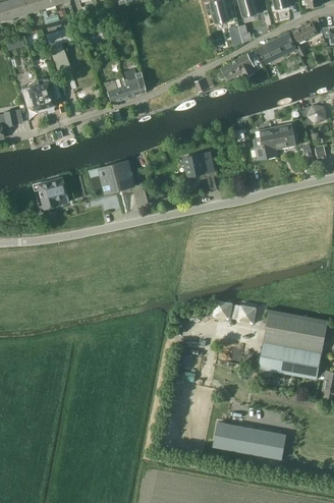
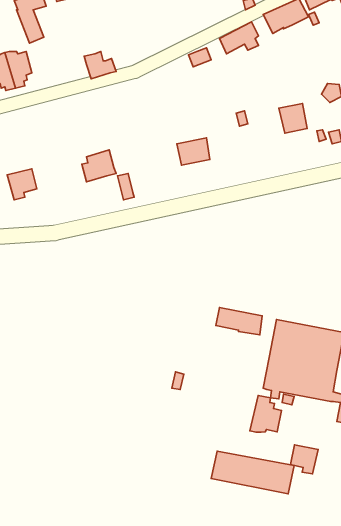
building: [120,69,145,96] -> none
building: [256,127,278,160] -> none
building: none -> [250,396,282,432]
building: none -> [291,445,318,474]

